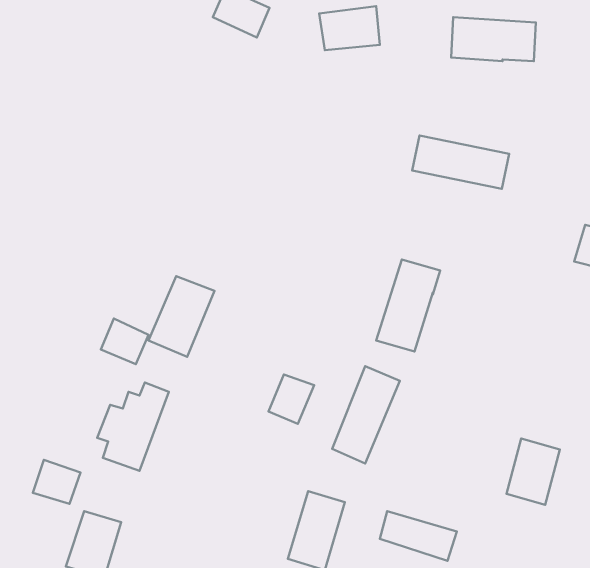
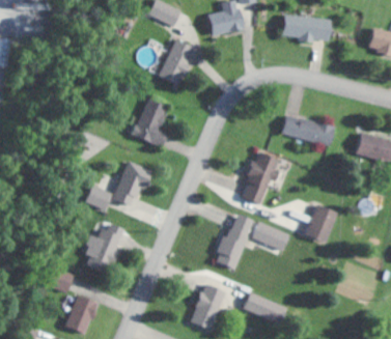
building: none -> [158,38,196,86]
building: [412,136,509,189] -> [280,115,335,145]
building: none -> [133,98,168,147]
building: [269,375,314,424] -> none
building: none -> [252,224,288,249]
building: [506,439,560,505] -> [306,205,336,243]

